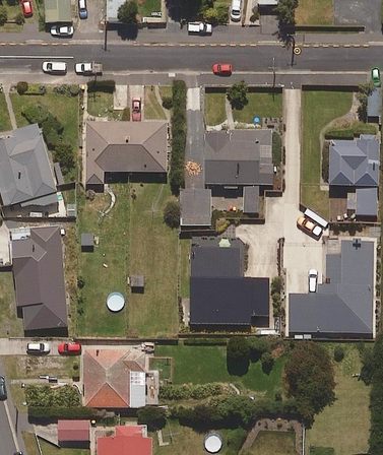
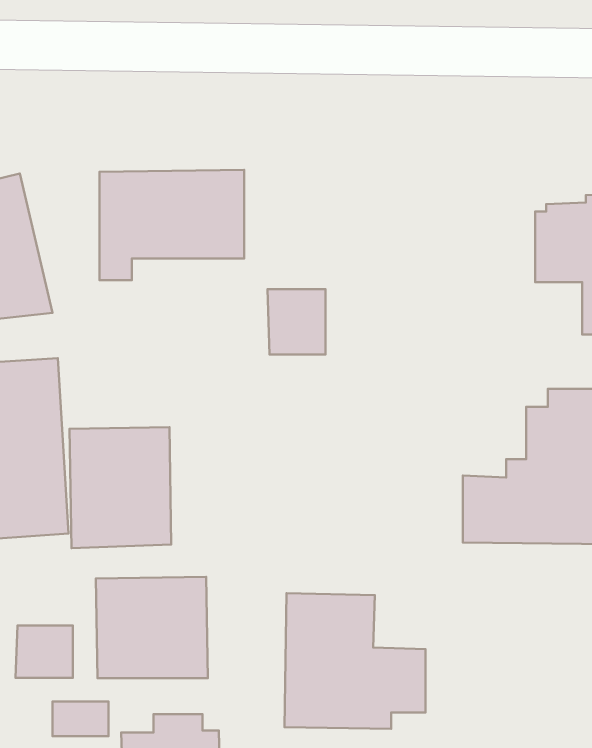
building: [204,130,272,212] -> none
building: [189,248,268,324] -> [285,593,426,729]
building: none -> [70,427,171,548]
building: none -> [16,625,73,678]

